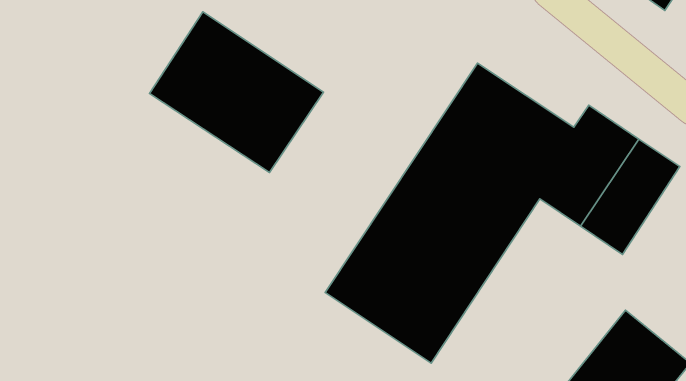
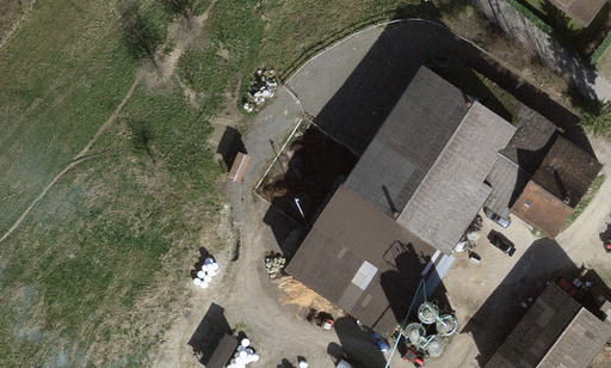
building: [149,12,324,172] -> none

